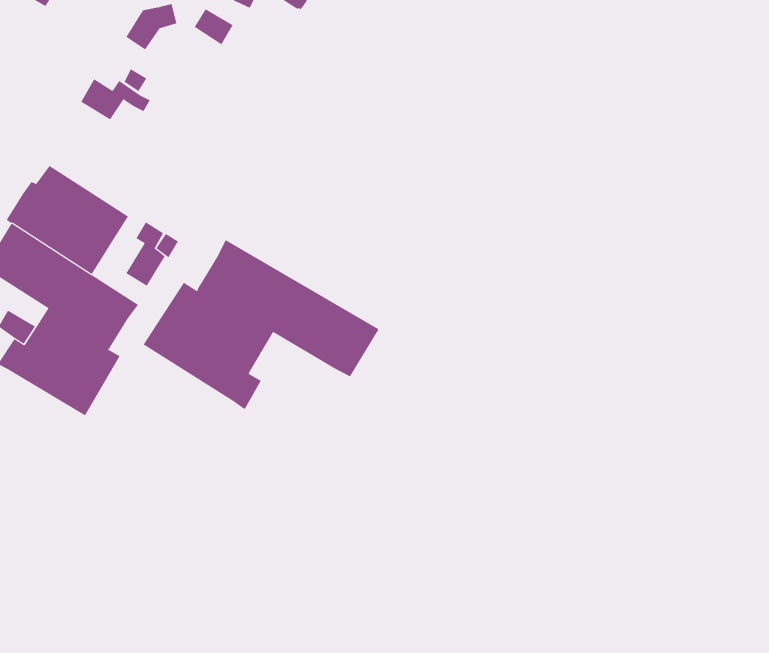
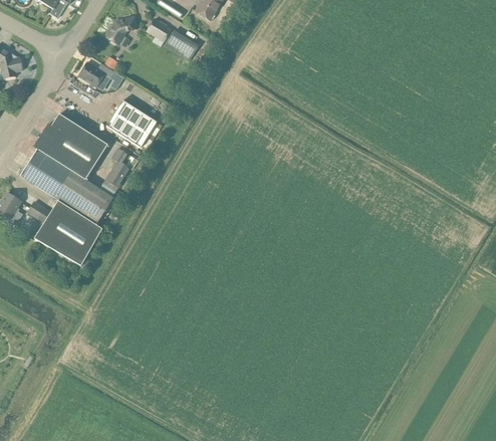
building: none -> [164,29,199,60]
building: none -> [105,99,162,151]
building: [143,239,379,410] -> none

